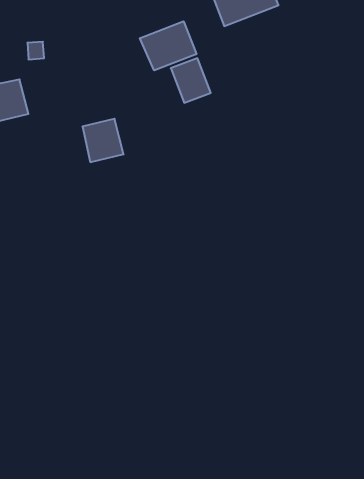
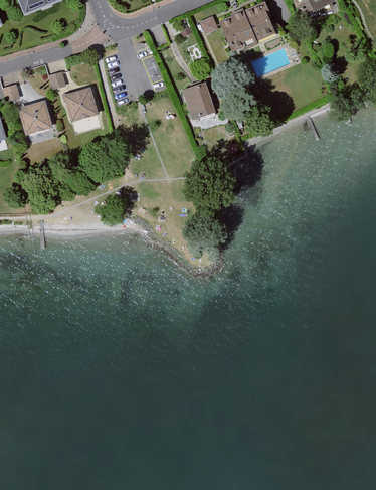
building: [140,21,196,70] -> none
building: [82,119,124,162] -> [60,86,98,125]

